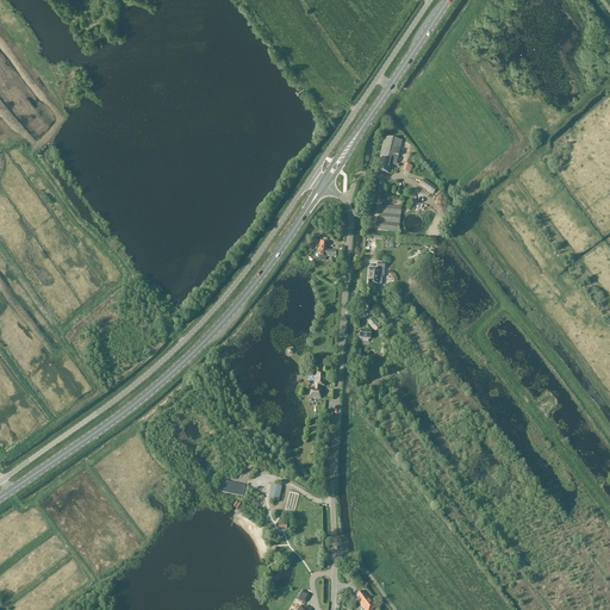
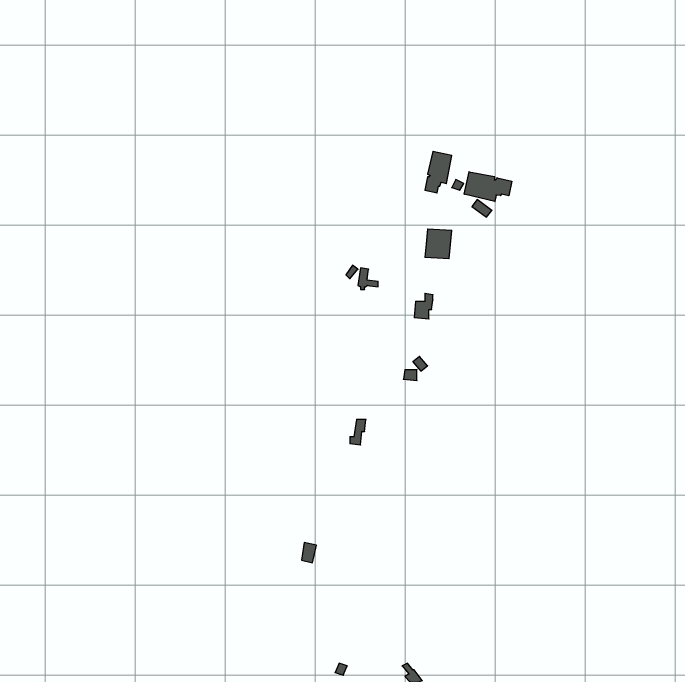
building: none -> [464,172,512,202]

